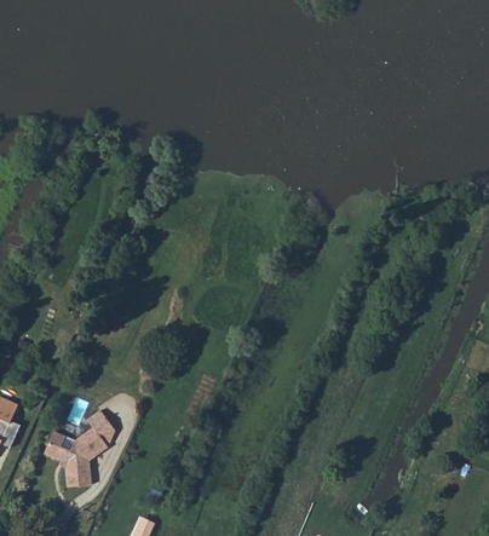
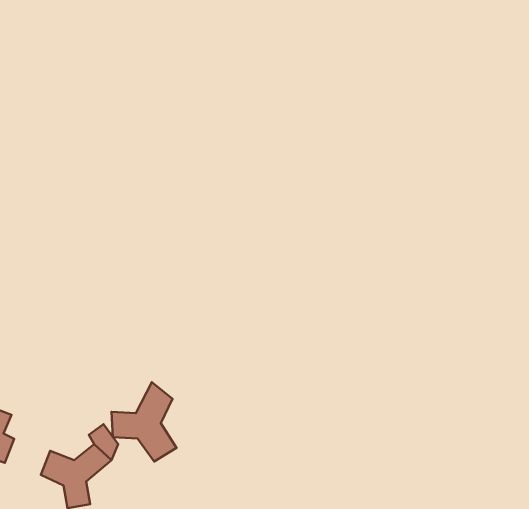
building: none -> [111,382,177,462]

